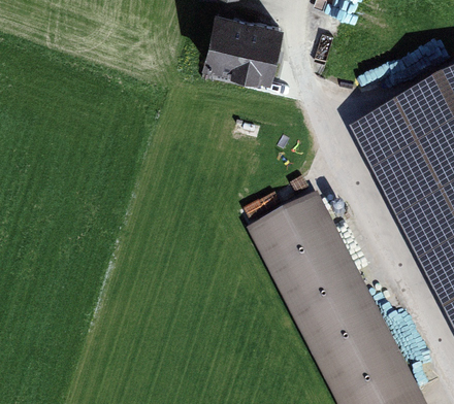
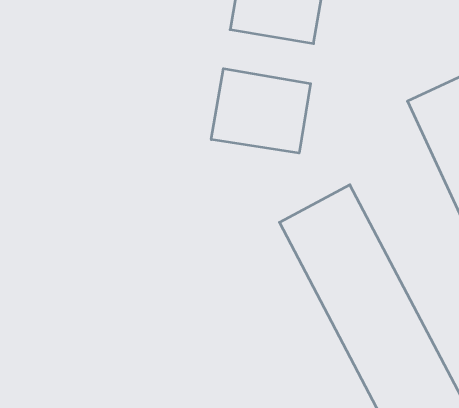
building: none -> [211,69,311,153]

